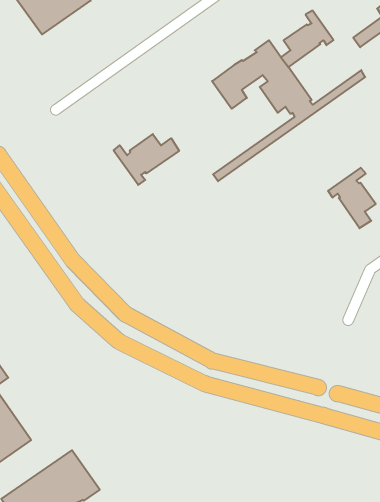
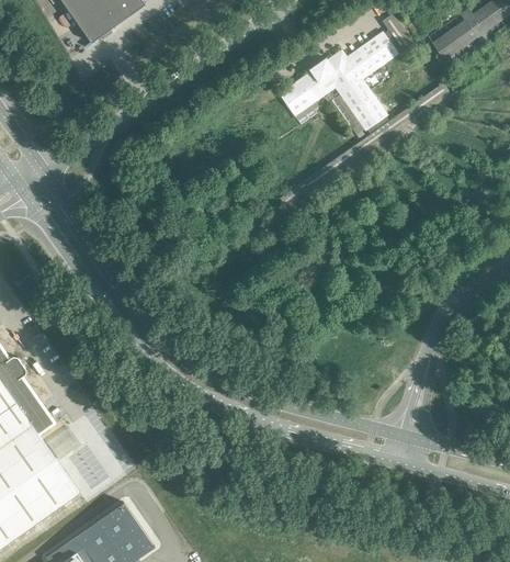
building: [114,134,179,185] -> none
building: [328,168,376,228] -> none

